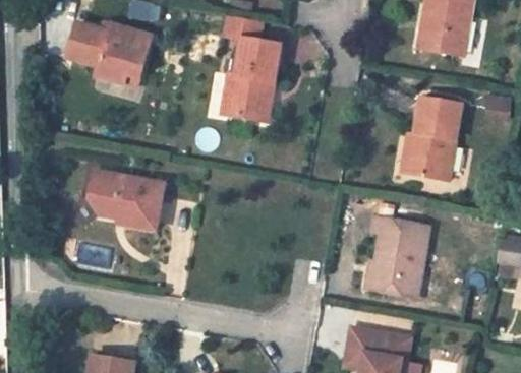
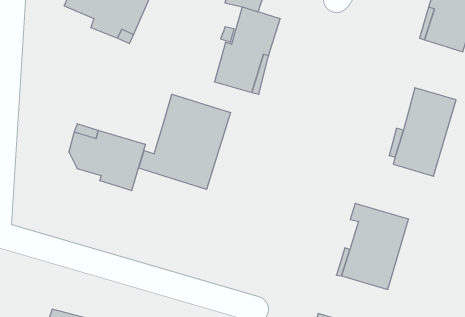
building: none -> [139,94,231,189]

